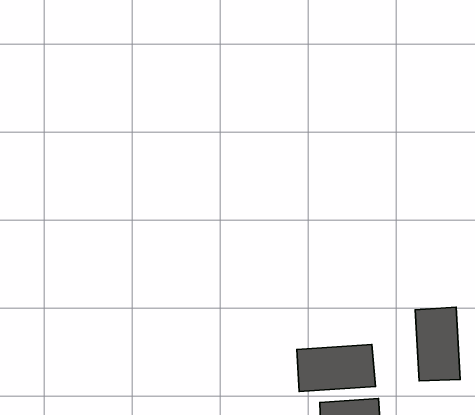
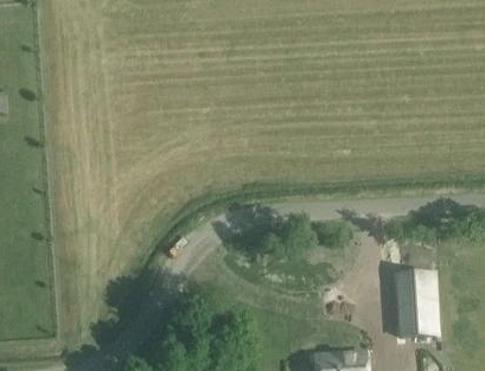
building: [297,344,376,392] -> none

